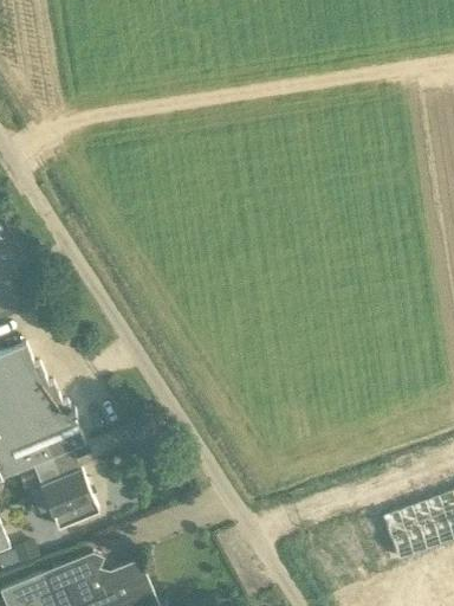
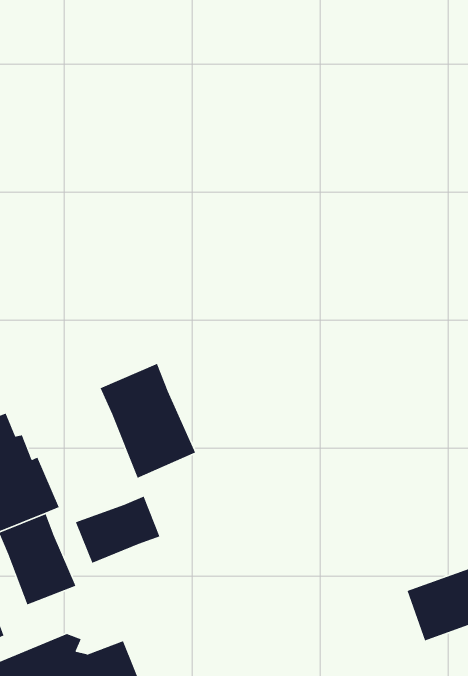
building: none -> [100,363,196,479]
building: none -> [75,496,160,564]

